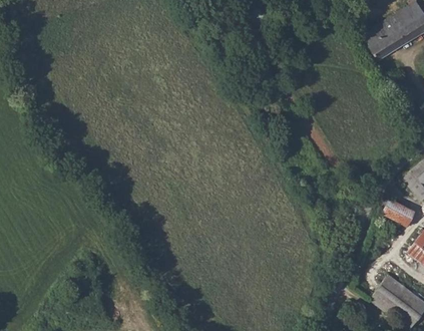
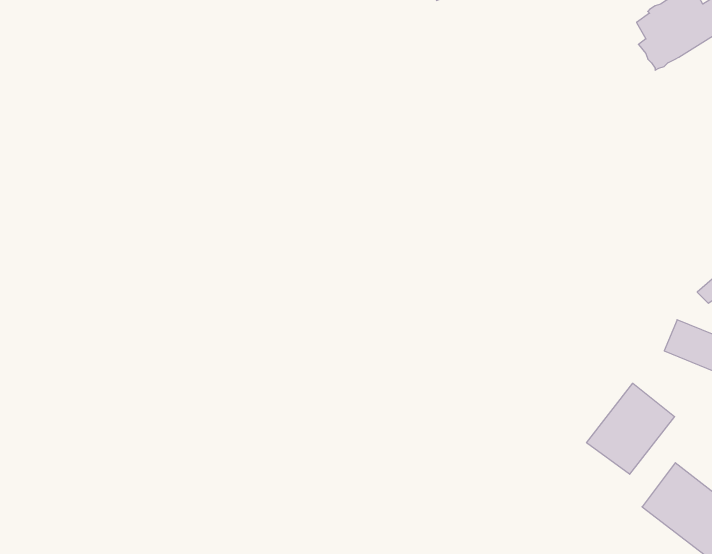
building: none -> [587,383,675,474]

